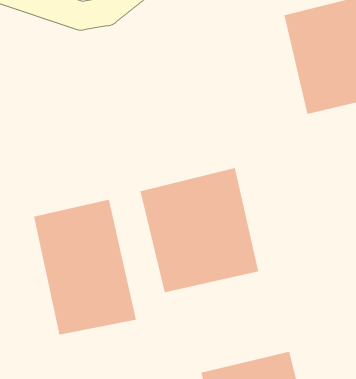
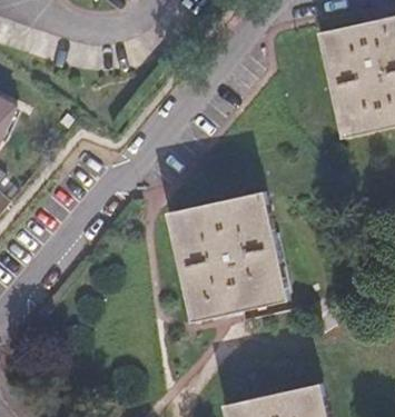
building: [33,199,137,335] -> none

